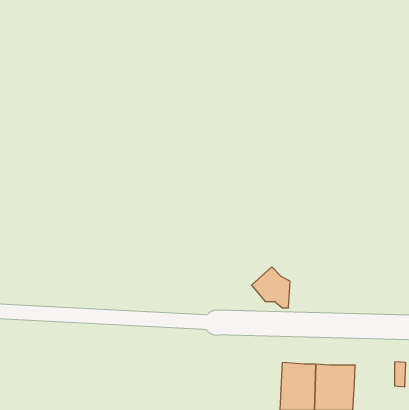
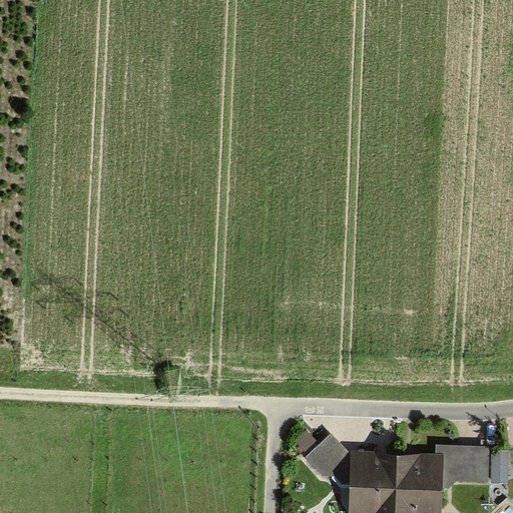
building: [252,267,290,308] -> [305,435,353,486]
building: none -> [437,446,486,480]

